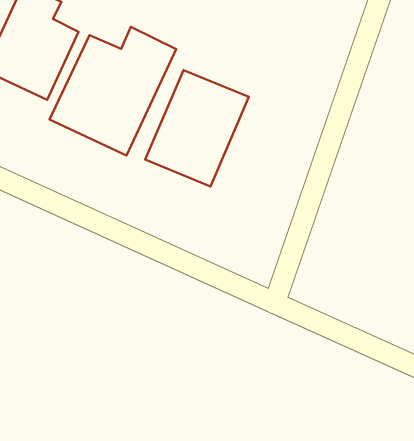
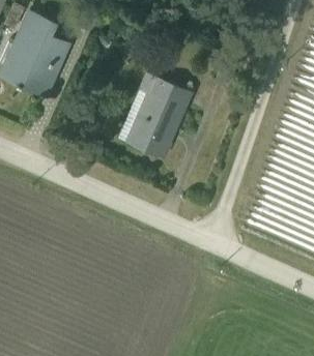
building: [49,27,176,156] -> none

